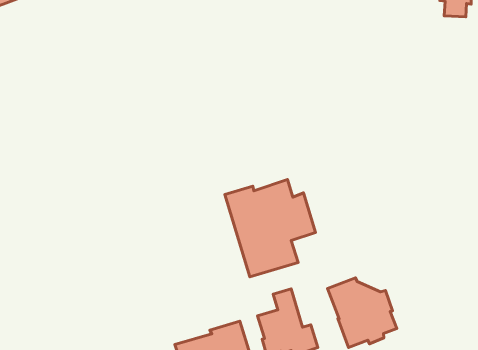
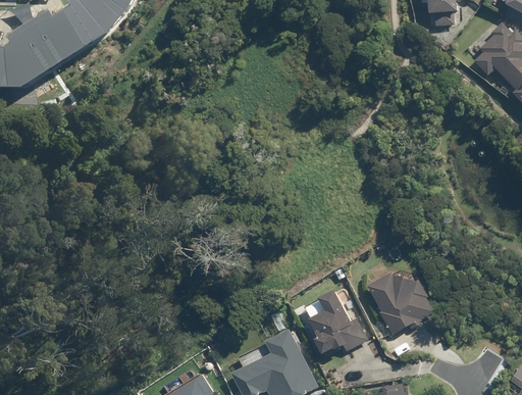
building: [225,179,315,277] -> none

